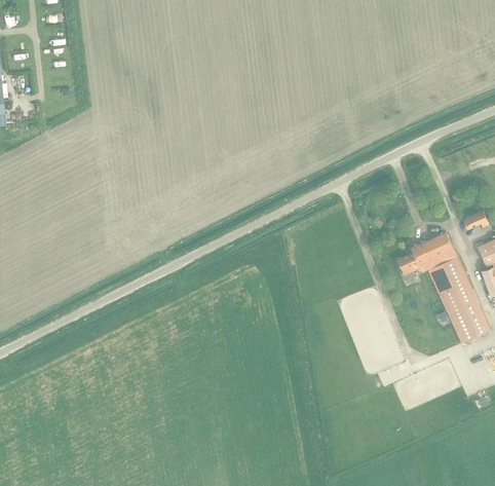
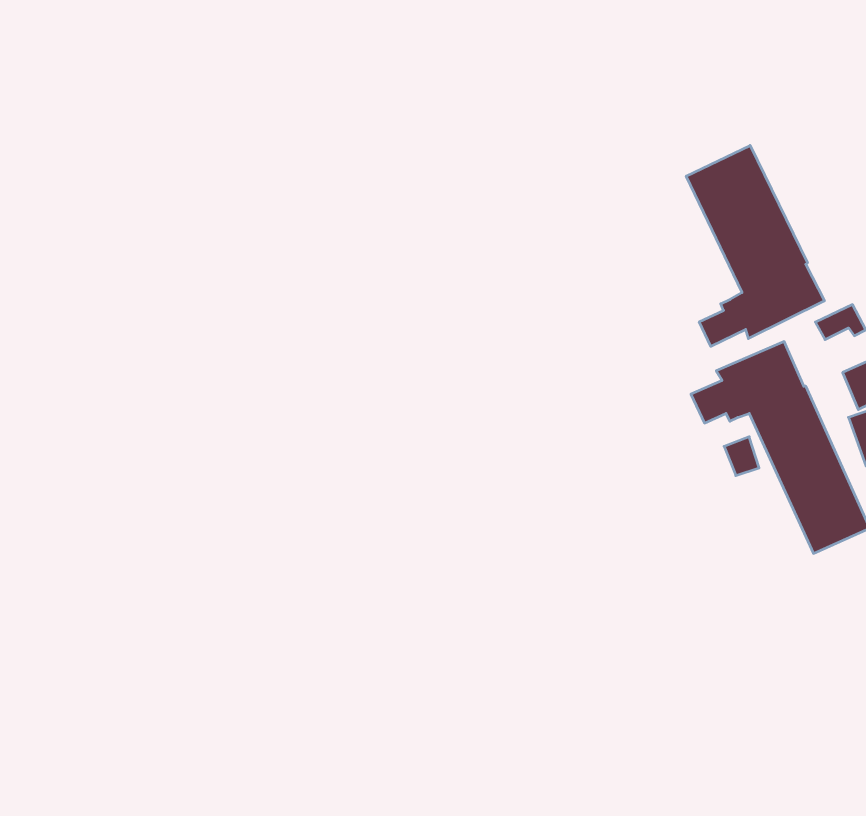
building: none -> [686,145,824,346]

